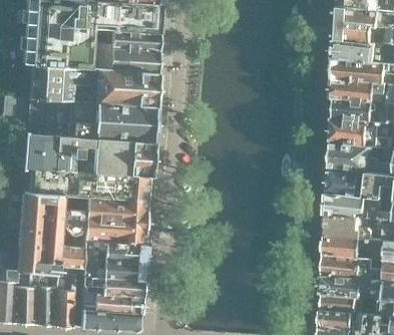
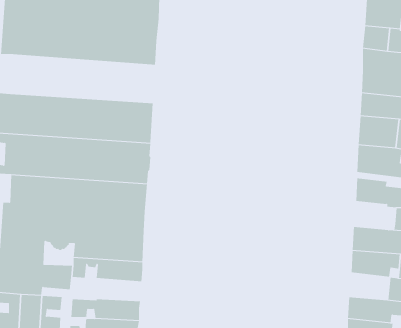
building: [30,64,156,106] -> none
building: [328,192,365,217] -> none
building: [324,254,360,278] -> none
building: [82,258,144,279] -> none

